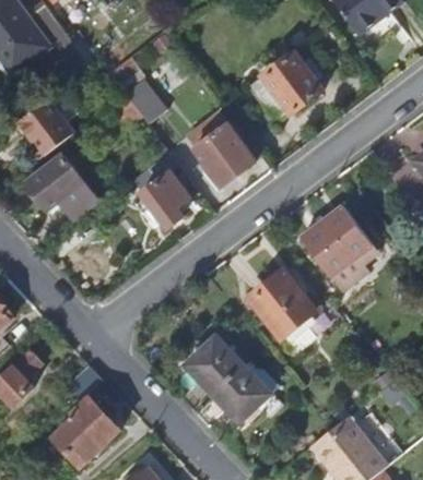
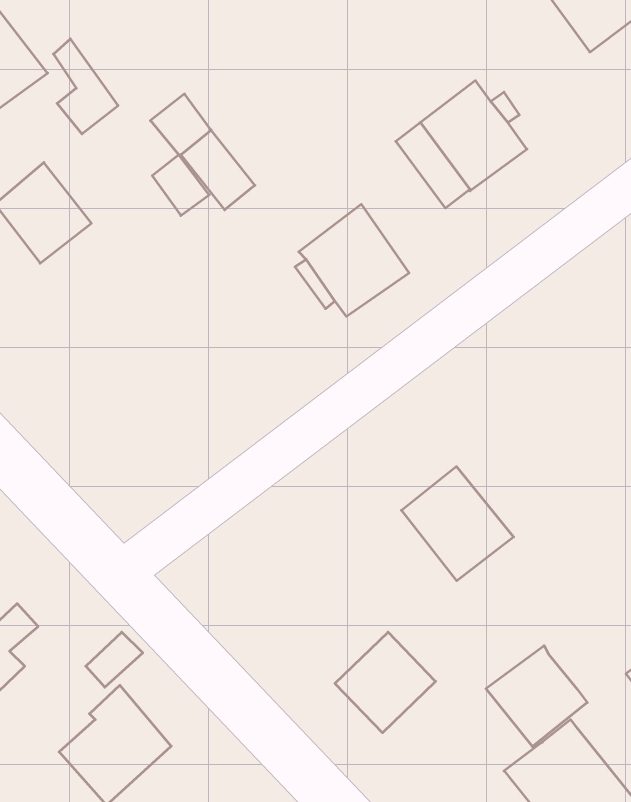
building: [25,154,99,219] -> none
building: [140,170,189,228] -> none
building: [299,205,373,291] -> none
building: [185,337,243,396] -> none
building: none -> [486,646,587,747]

